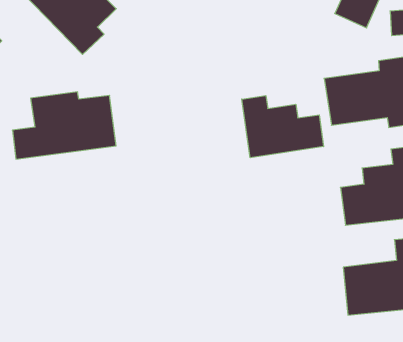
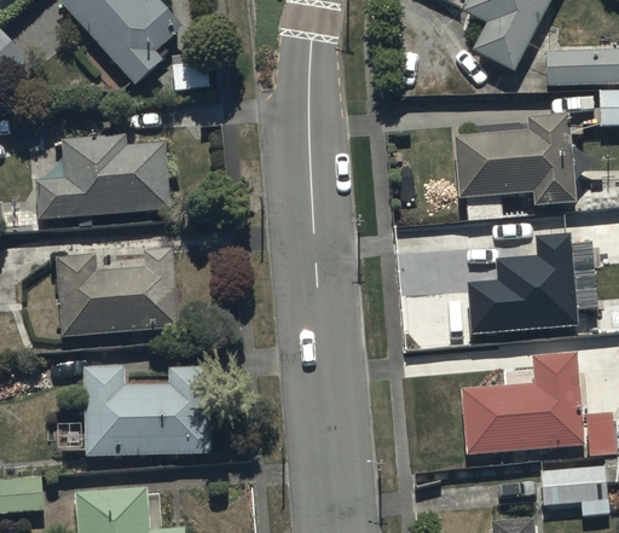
building: [242,96,324,158] -> none
building: none -> [56,248,178,336]
building: none -> [82,366,209,454]

